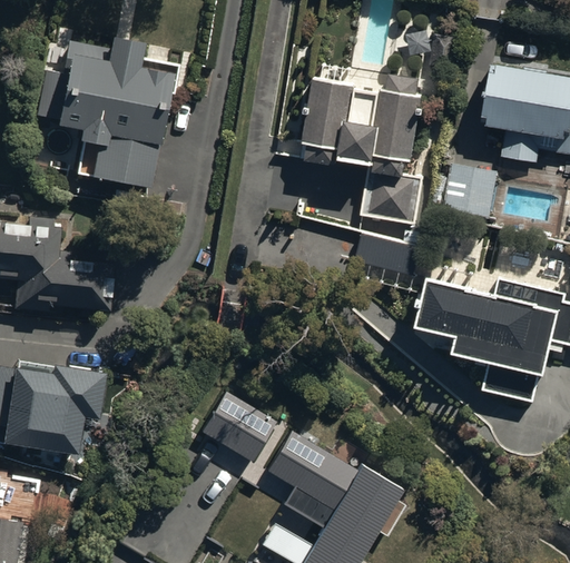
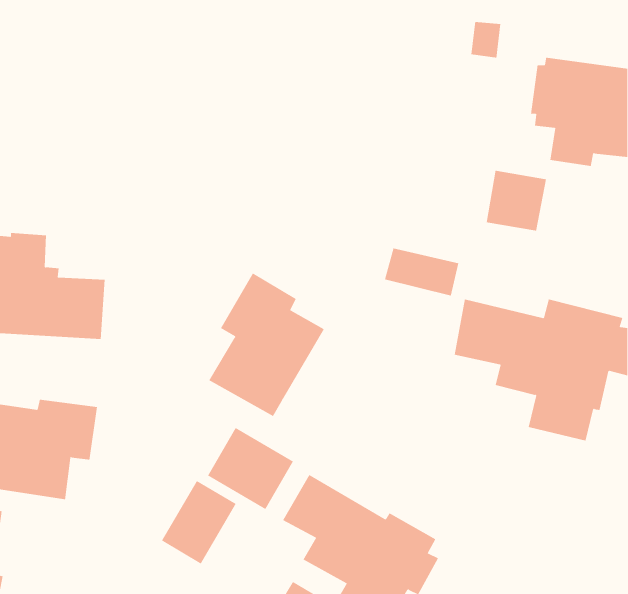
building: [41,38,173,187] -> none
building: [304,75,421,223] -> none
building: none -> [208,273,325,417]
building: none -> [161,480,236,564]

